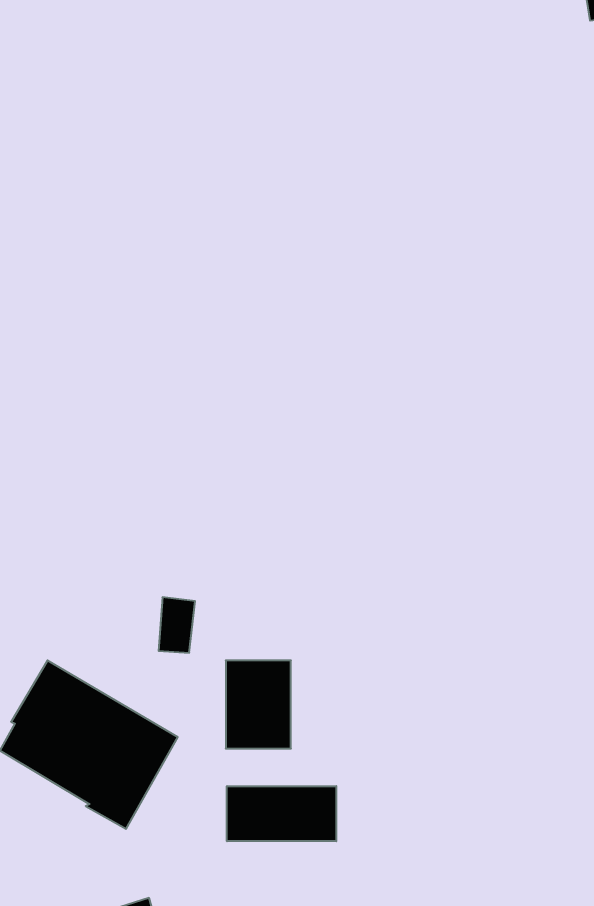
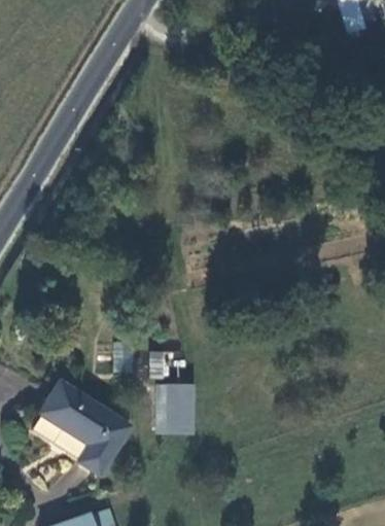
building: [227,786,336,841] -> none

